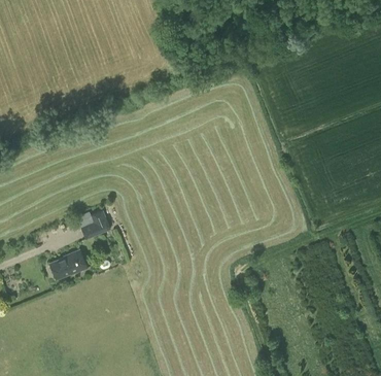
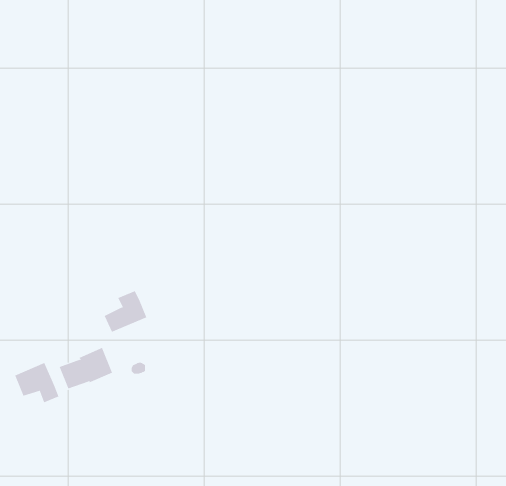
building: none -> [14,362,59,403]

